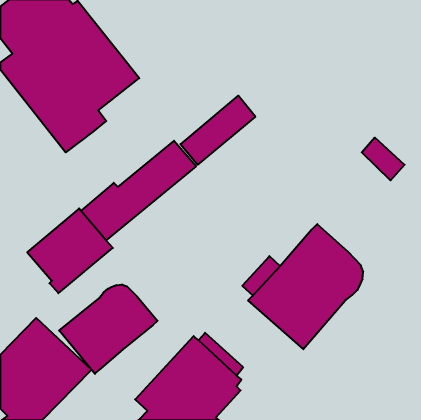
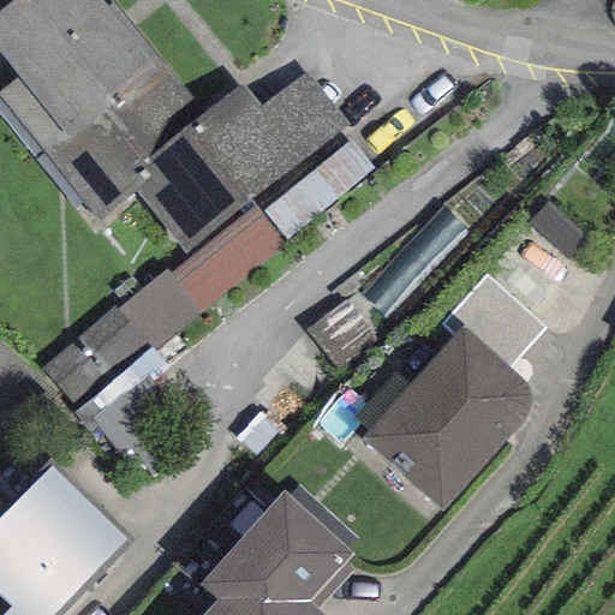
building: none -> [136,72,348,253]
building: none -> [442,275,544,368]
building: [59,284,158,374] -> none

